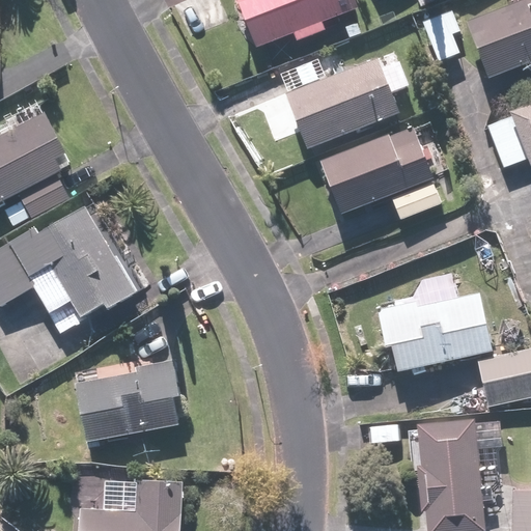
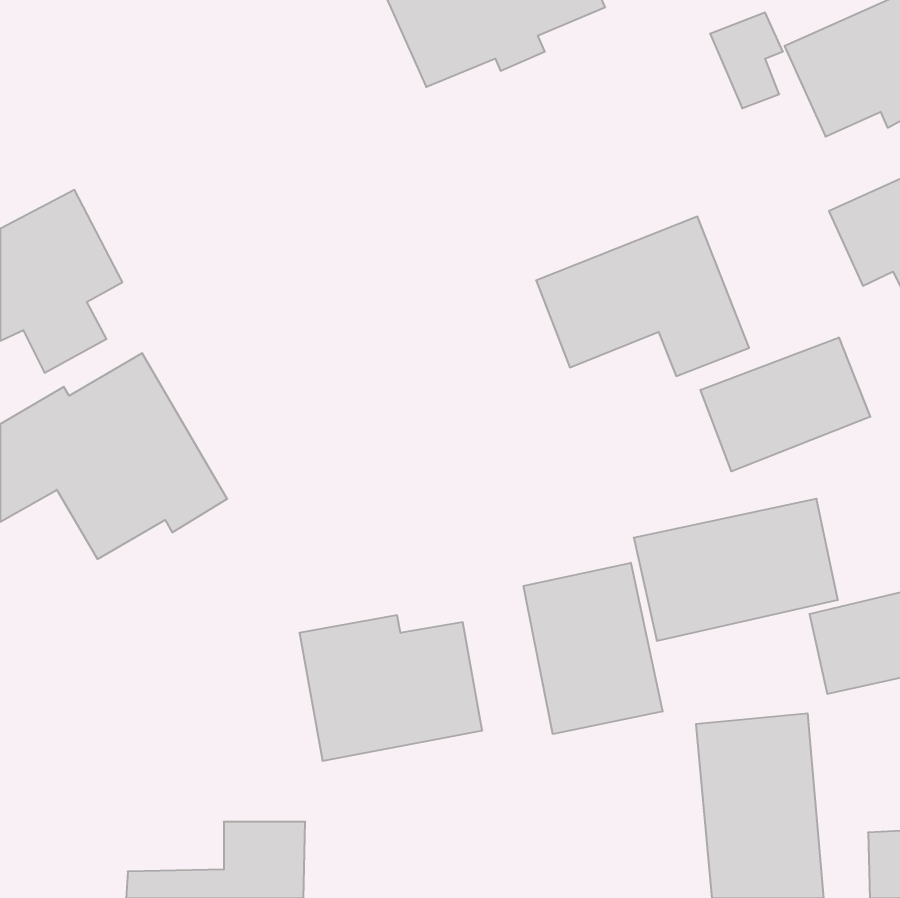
building: [279,50,410,152] -> none
building: none -> [700,337,870,471]
building: none -> [524,563,663,734]
building: [75,357,181,442] -> [299,615,482,761]

